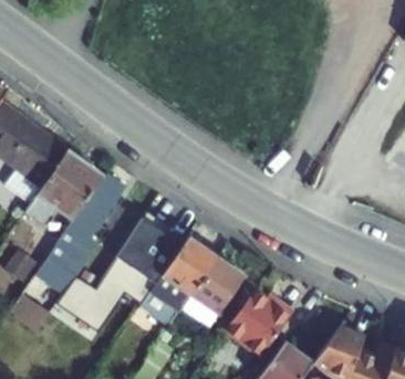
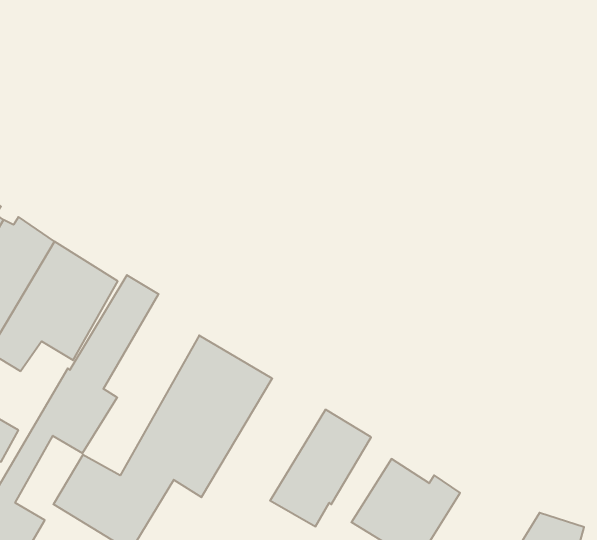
building: [142,239,218,327] -> none

